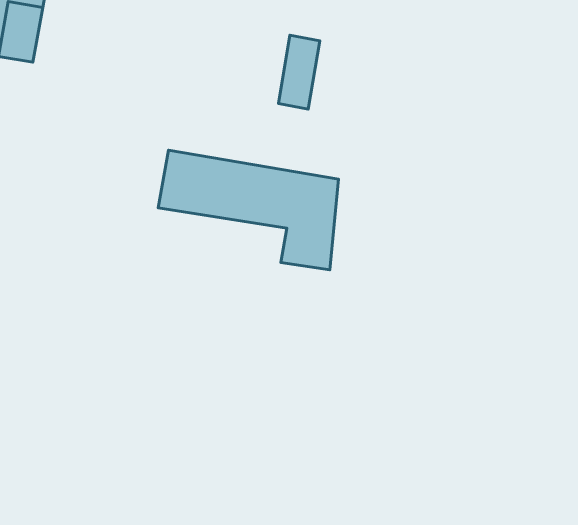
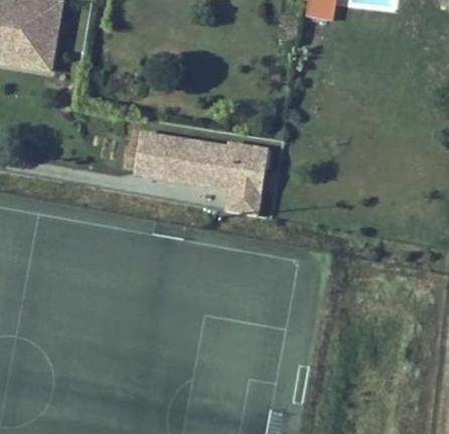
building: [278,35,320,109] -> none

